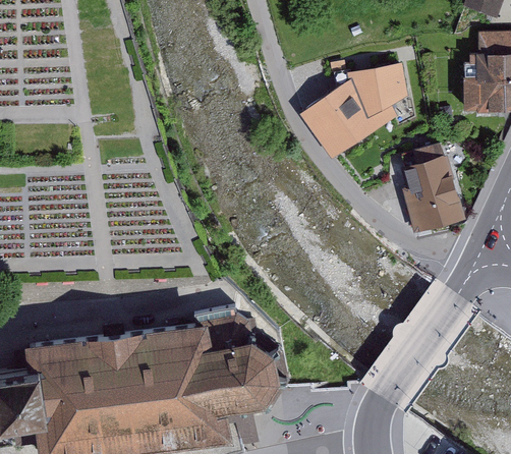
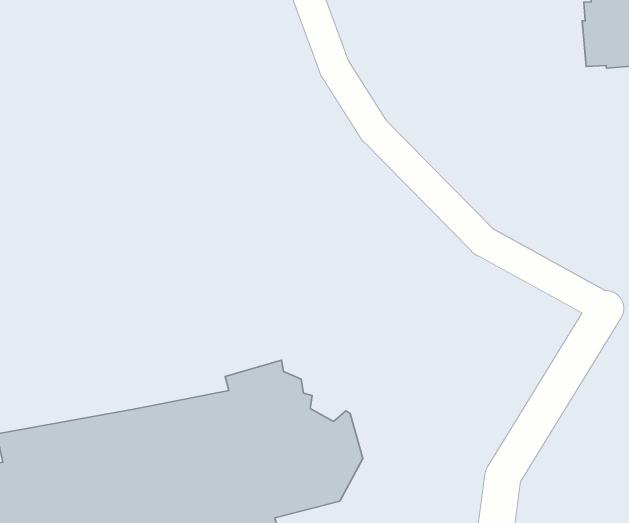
building: [303,69,409,163] -> none
building: [401,146,464,234] -> none

